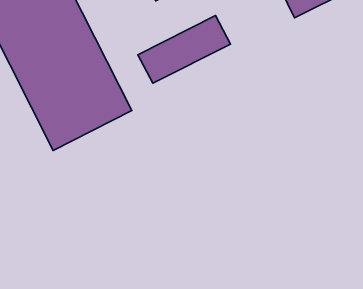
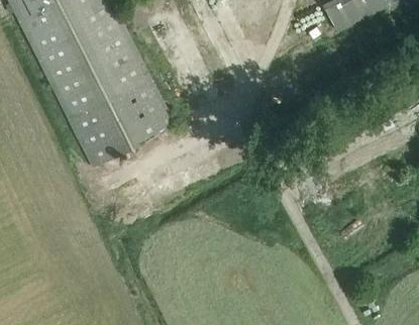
building: [138,16,230,83] -> none

